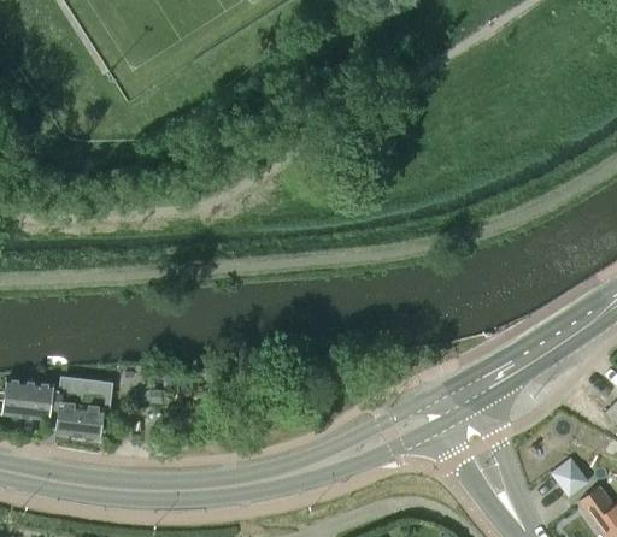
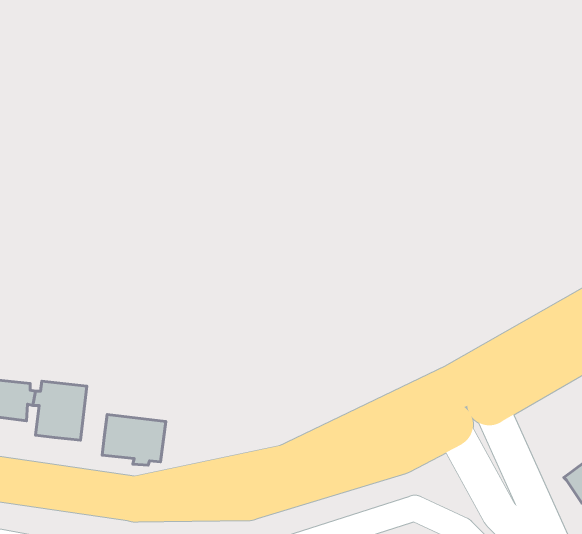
building: none -> [102,414,166,465]

